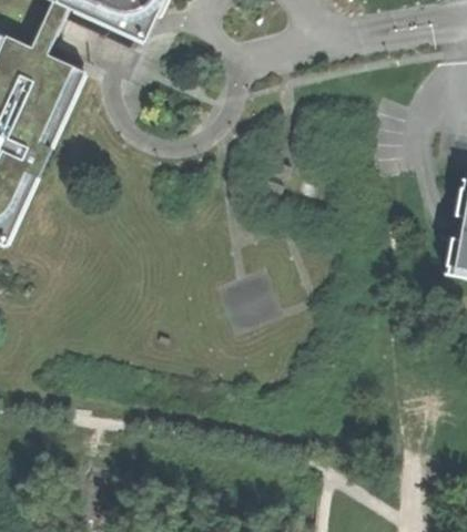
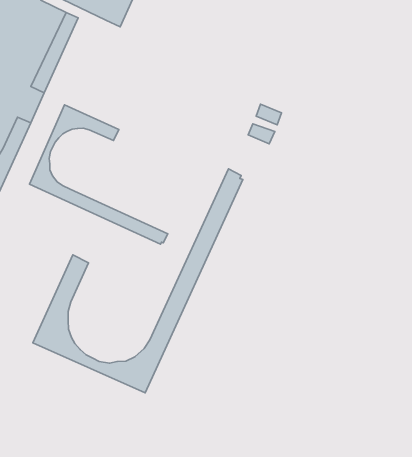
building: none -> [29,105,168,244]
building: none -> [33,169,243,393]

